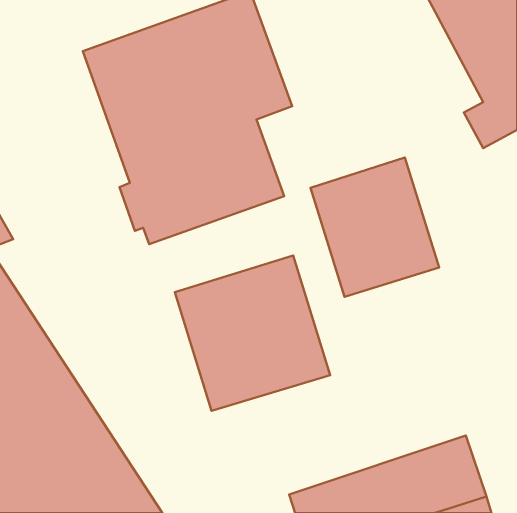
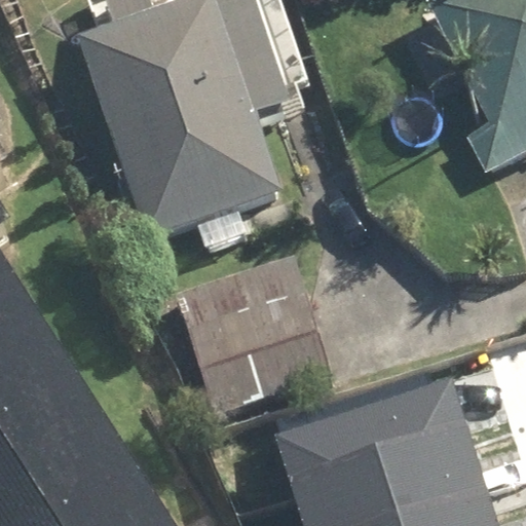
building: [311,158,439,297] -> none
building: none -> [270,377,469,497]

